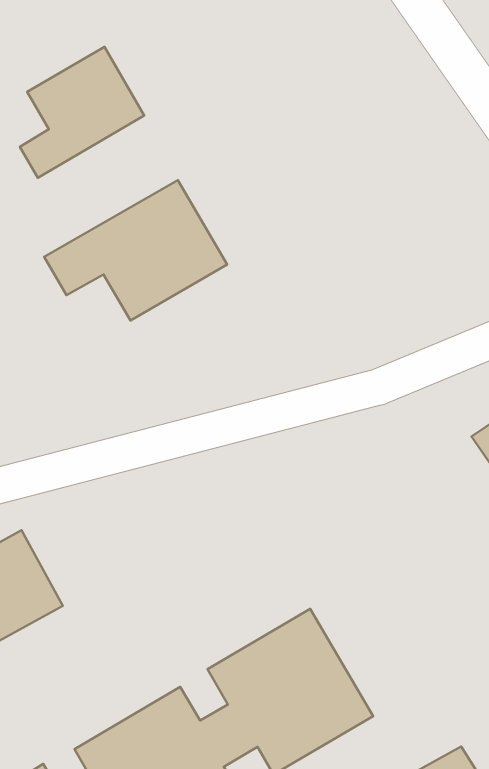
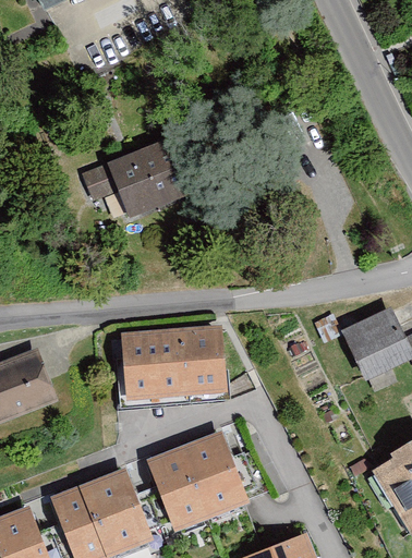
building: [20,47,144,178] -> none
building: none -> [119,324,231,403]

